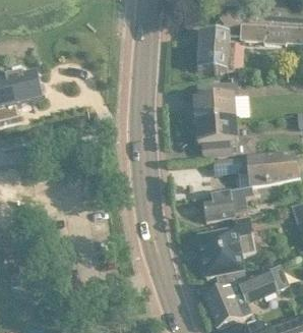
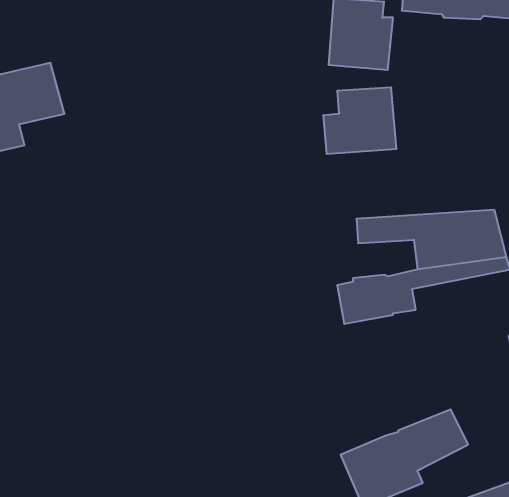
building: [195,118,254,156] -> none
building: [197,216,254,277] -> none

